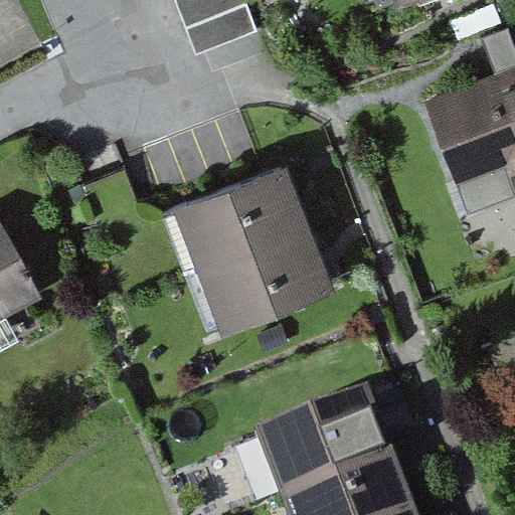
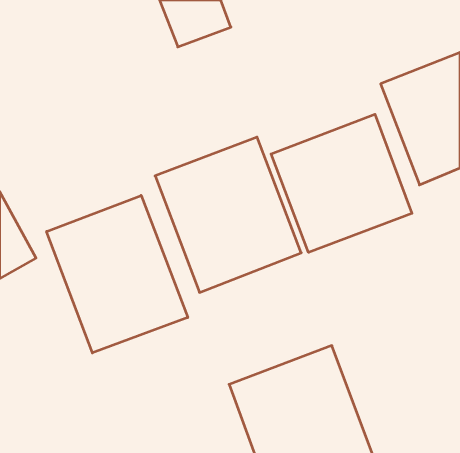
building: none -> [271,114,412,252]
building: none -> [47,195,188,353]

